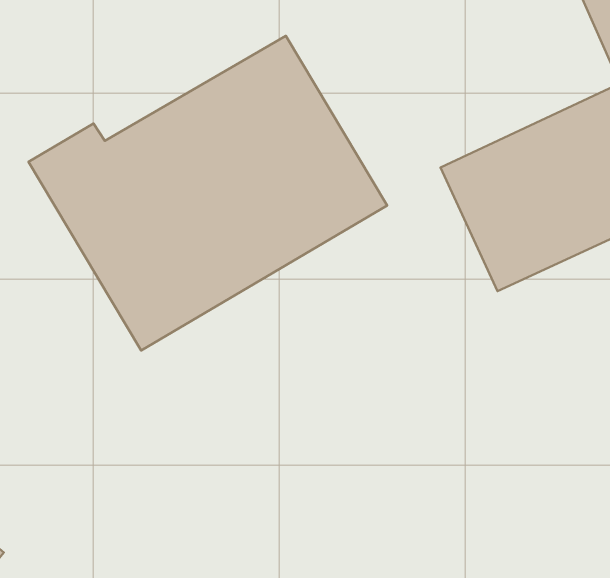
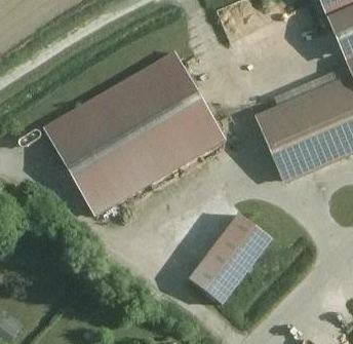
building: none -> [191,213,275,305]

